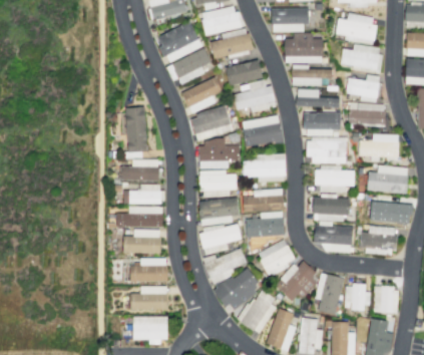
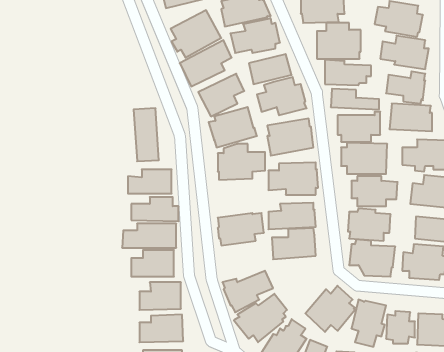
building: [199,169,238,197] -> none
building: [199,224,243,255] -> none
building: [259,239,296,276] -> none

